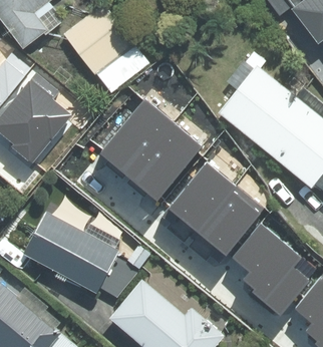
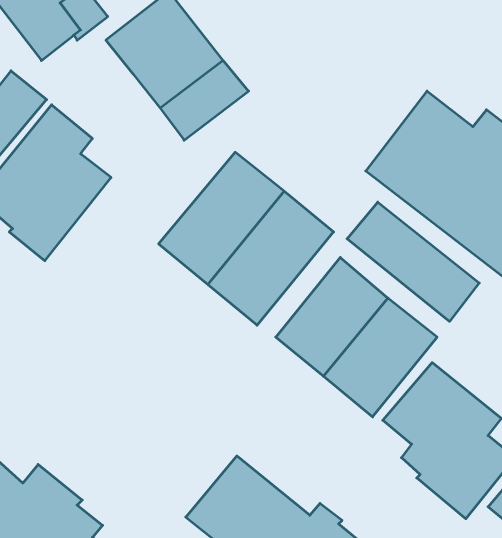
building: none -> [347,202,479,321]
building: [25,212,120,292] -> none

